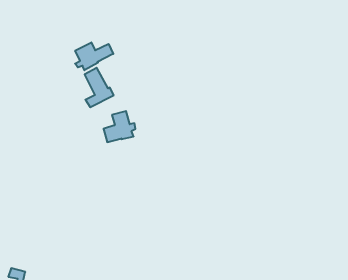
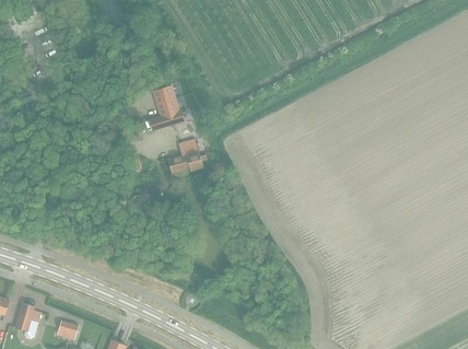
building: [75,42,113,70] -> none

